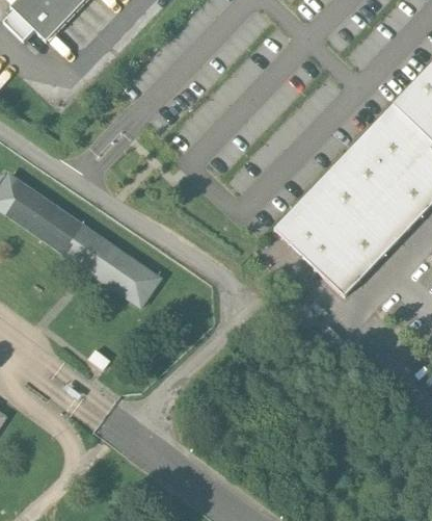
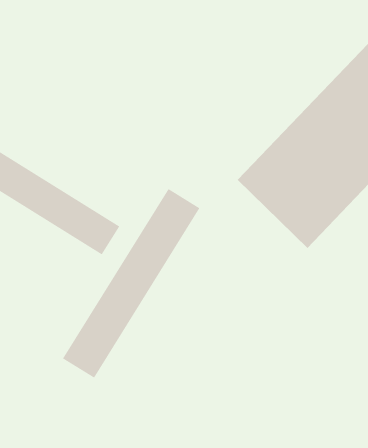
building: none -> [62,188,200,378]

